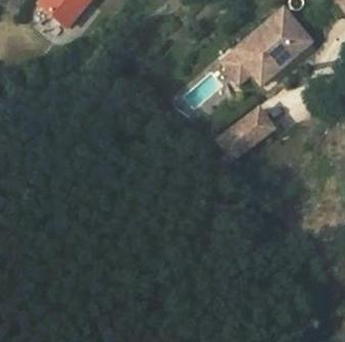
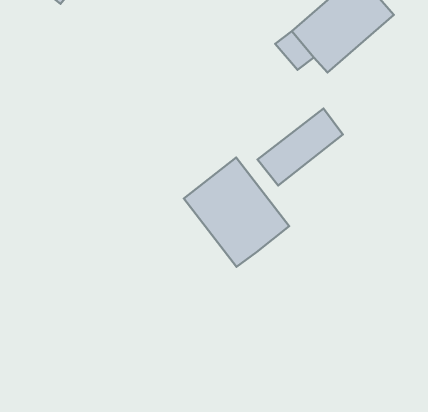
building: none -> [184,158,289,267]

